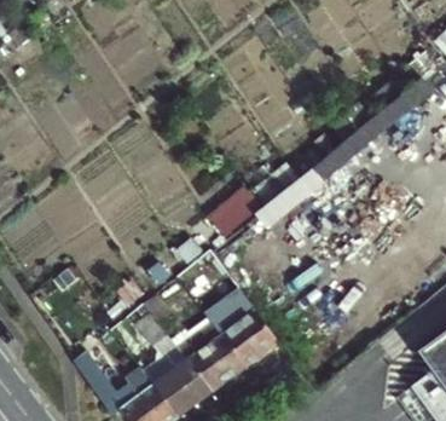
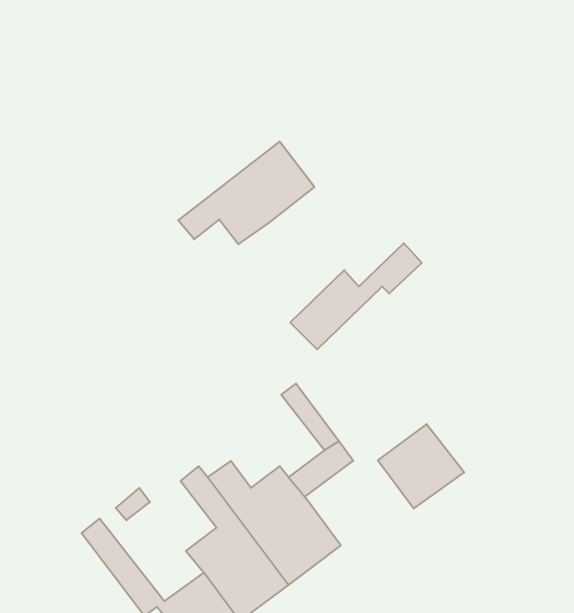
building: none -> [178,142,314,244]
building: [220,313,278,370] -> [378,424,464,509]

